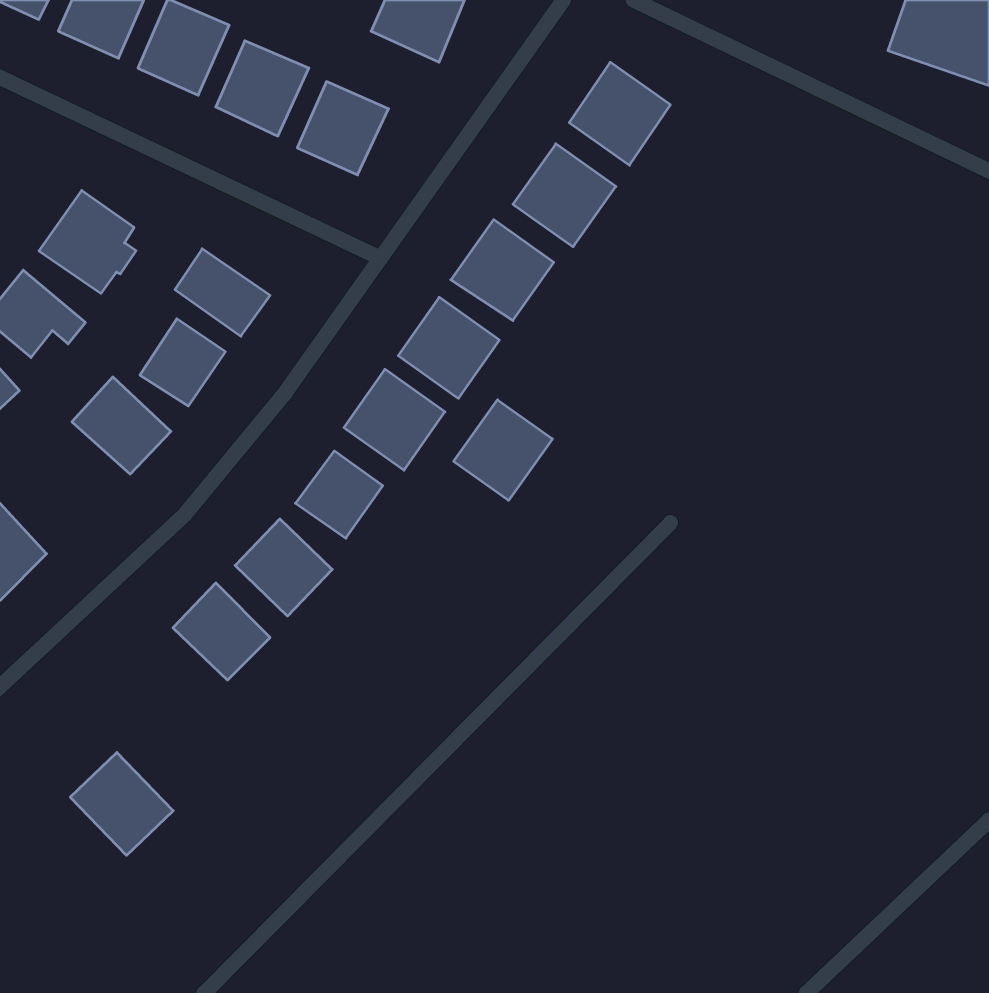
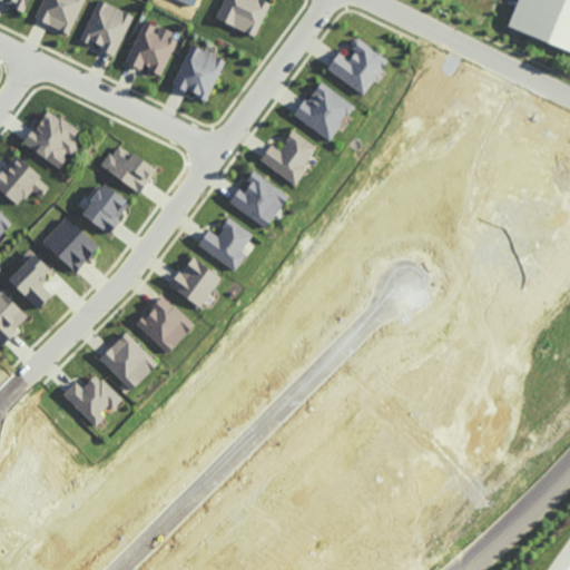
building: [454,400,552,500] -> none
building: none -> [7,253,52,309]
building: [70,752,173,855] -> [61,368,120,428]

